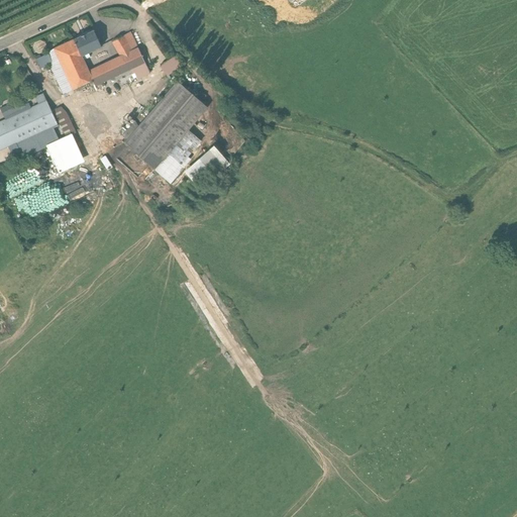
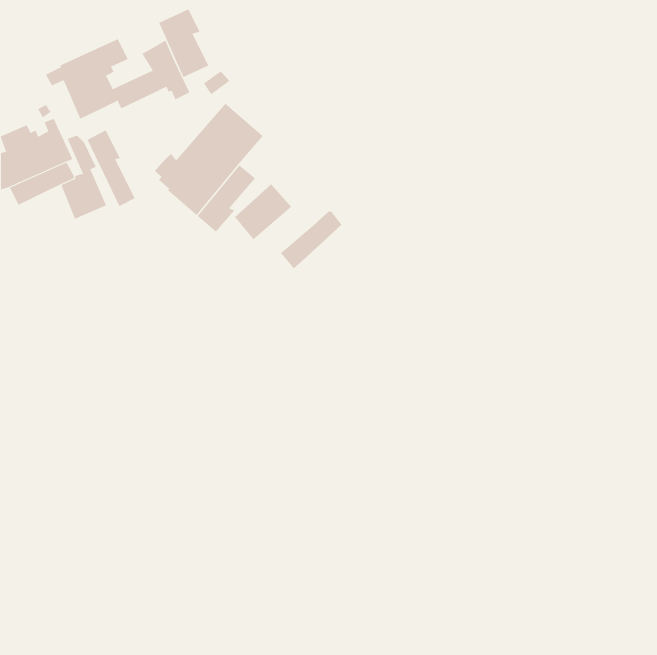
building: none -> [158,9,209,78]
building: none -> [87,130,136,207]
building: none -> [280,210,342,269]

